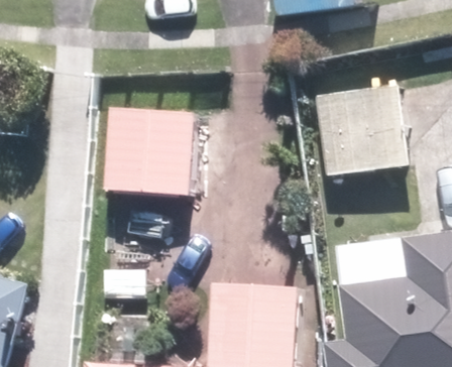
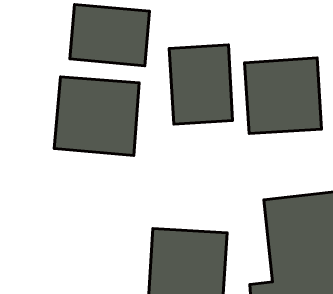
building: none -> [70,5,150,66]
building: none -> [169,45,233,124]

